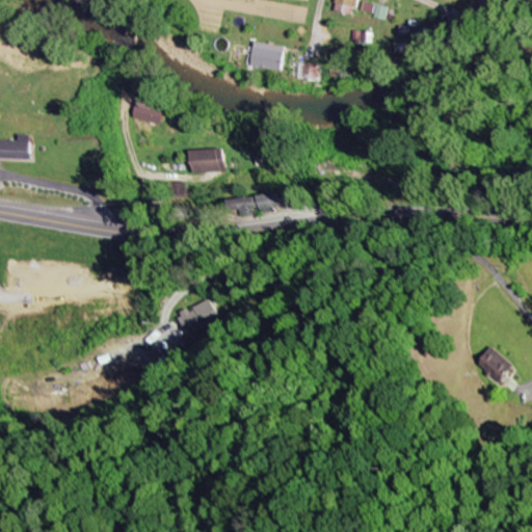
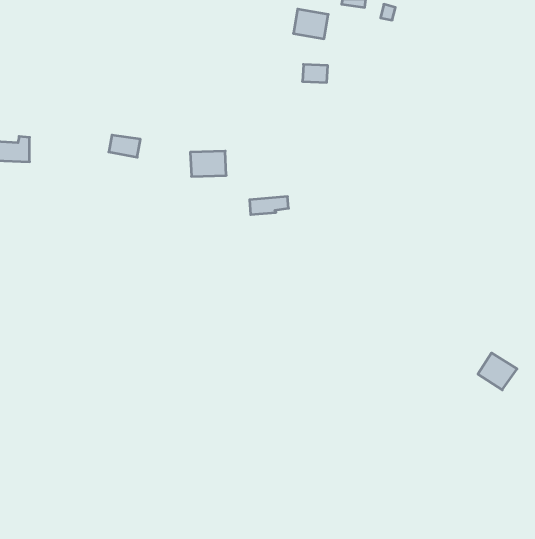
building: [250,43,285,72] -> [293,9,328,39]
building: [131,102,162,124] -> [109,135,140,157]
building: [175,300,216,335] -> none

